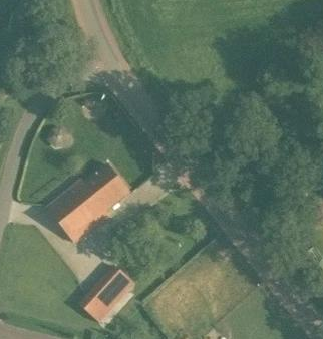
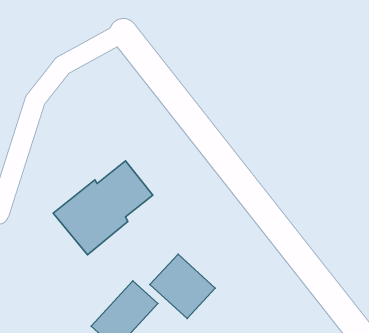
building: none -> [150,254,215,319]

